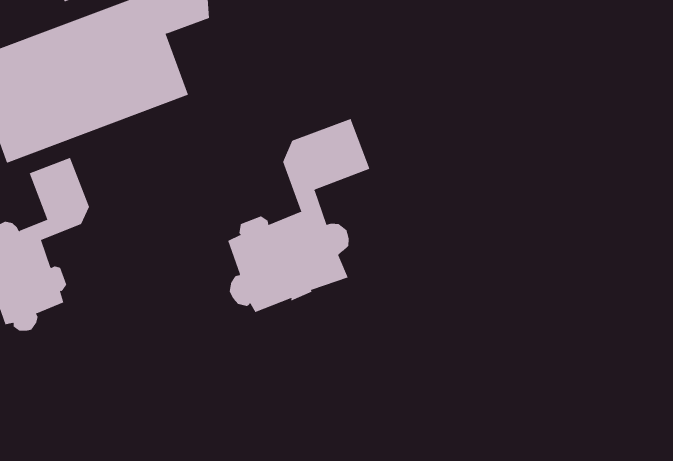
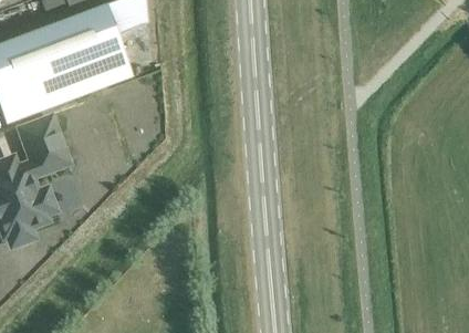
building: [228,118,370,313] -> none

